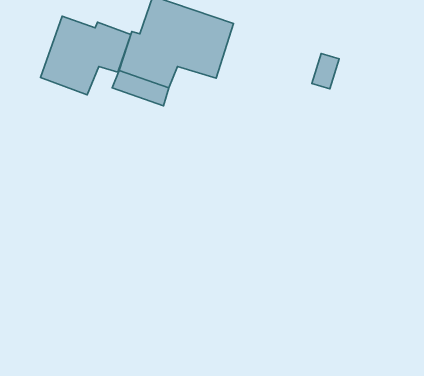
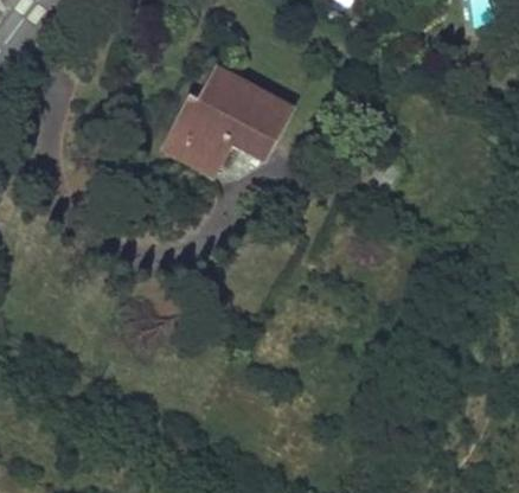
building: [41,16,131,95] -> none

